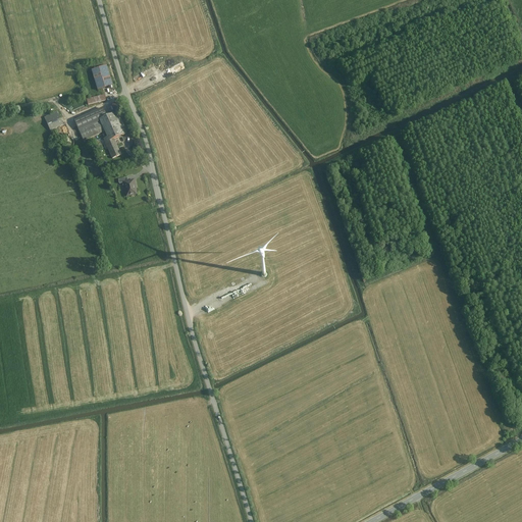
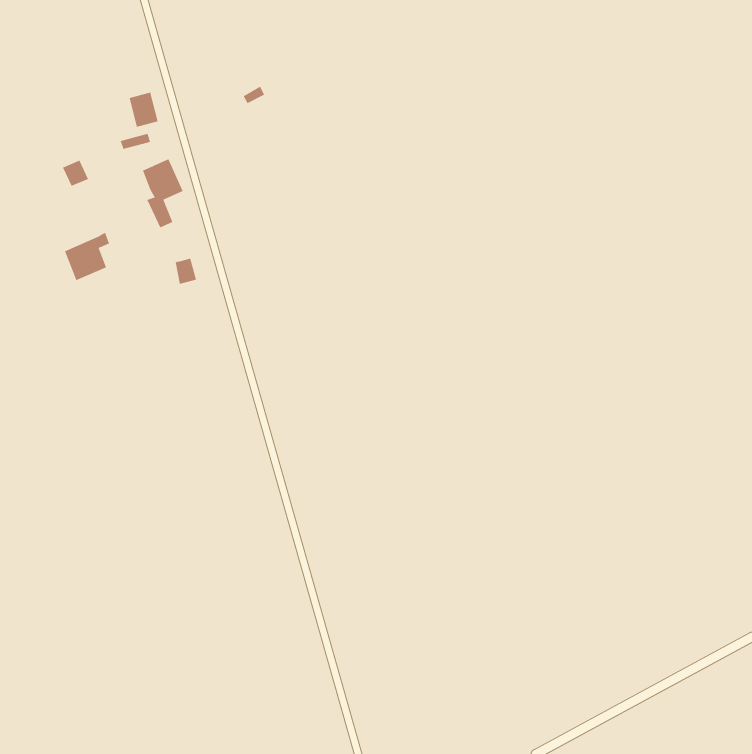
building: [73,106,105,140] -> [64,232,110,281]

